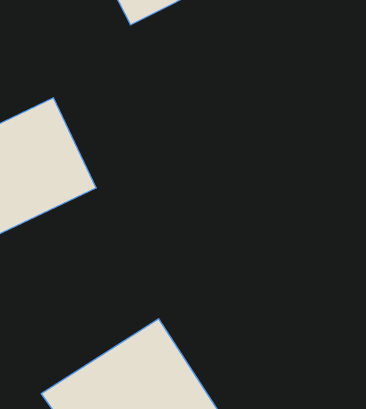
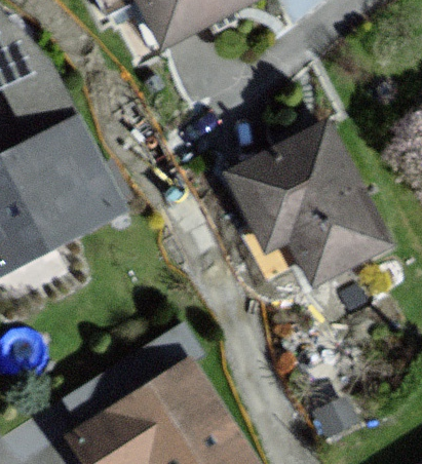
building: none -> [230,122,387,278]

